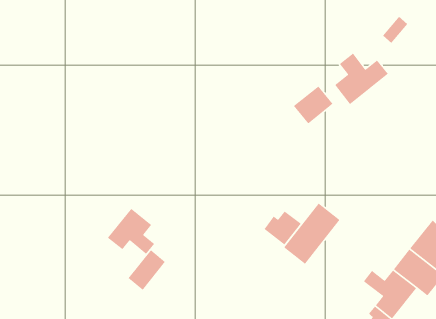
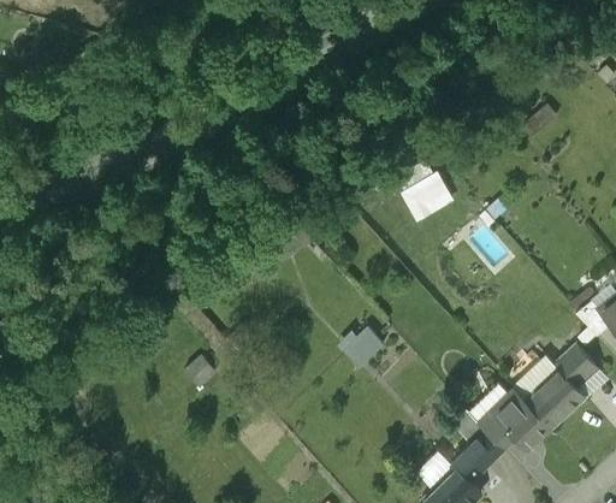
building: [334,52,389,105] -> none
building: [283,203,341,265] -> none
building: [107,208,155,255] -> none

